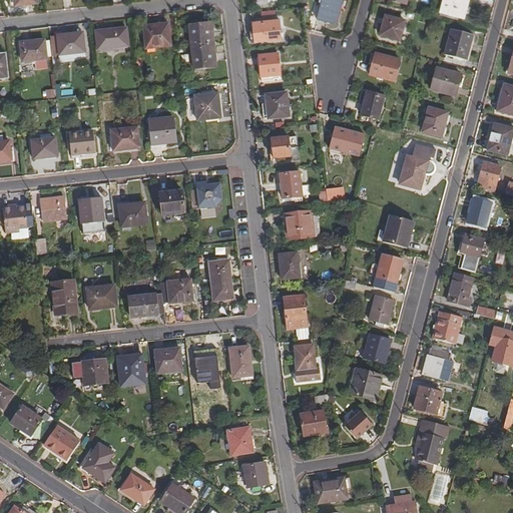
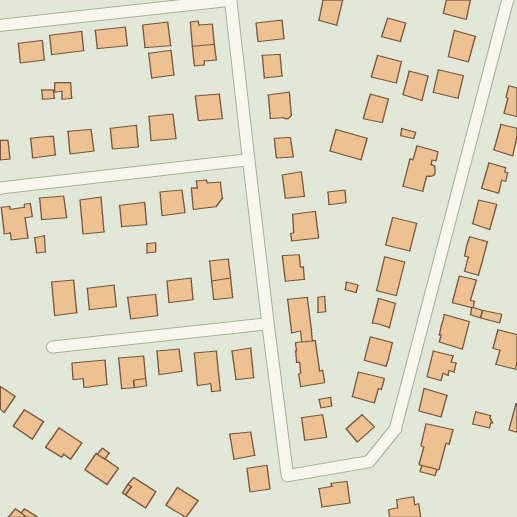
building: none -> [149,50,174,78]
building: [420,108,445,137] -> [403,71,428,100]

